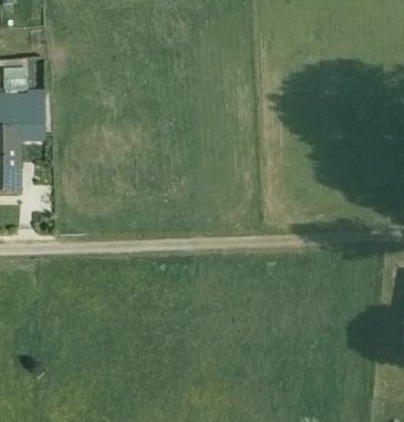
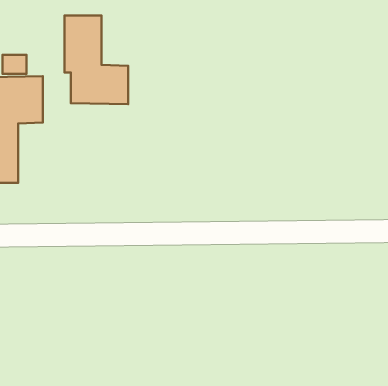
building: none -> [64,16,128,104]

